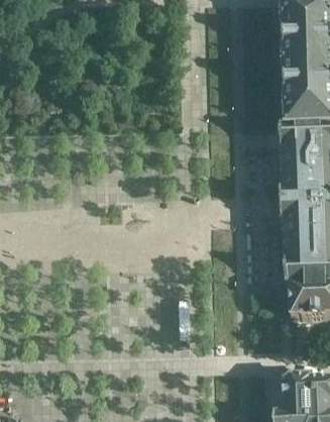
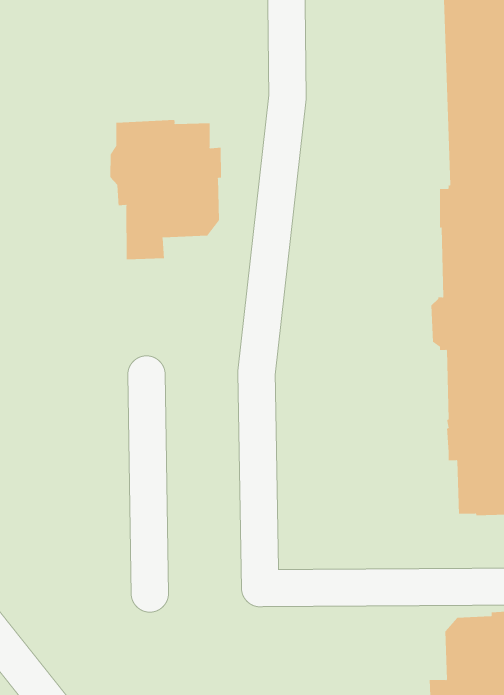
building: none -> [110,119,222,260]

